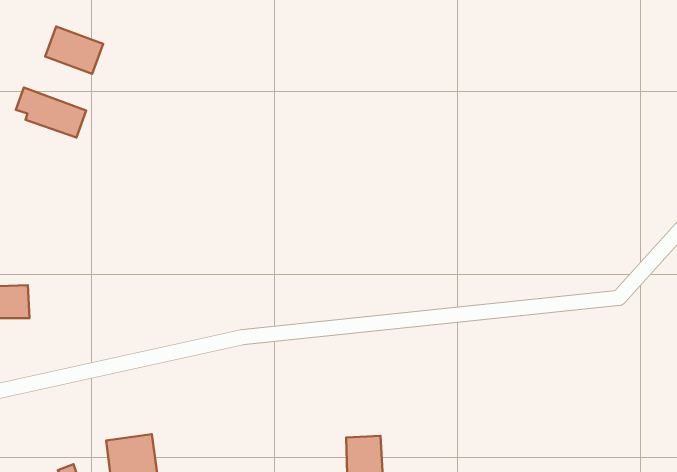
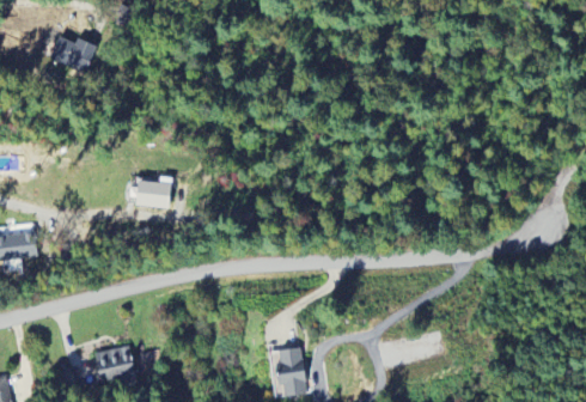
building: [16,88,86,138] -> none
building: none -> [135,179,170,207]

